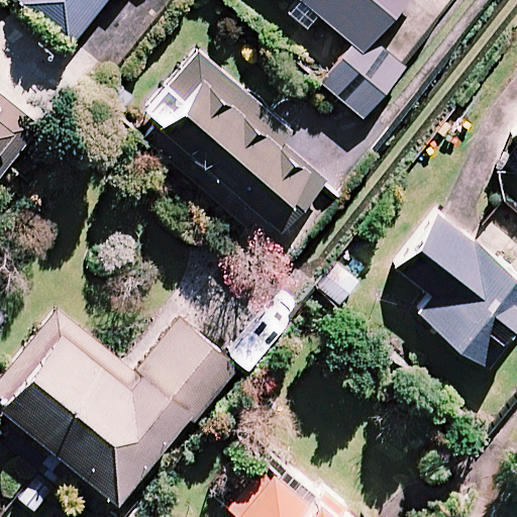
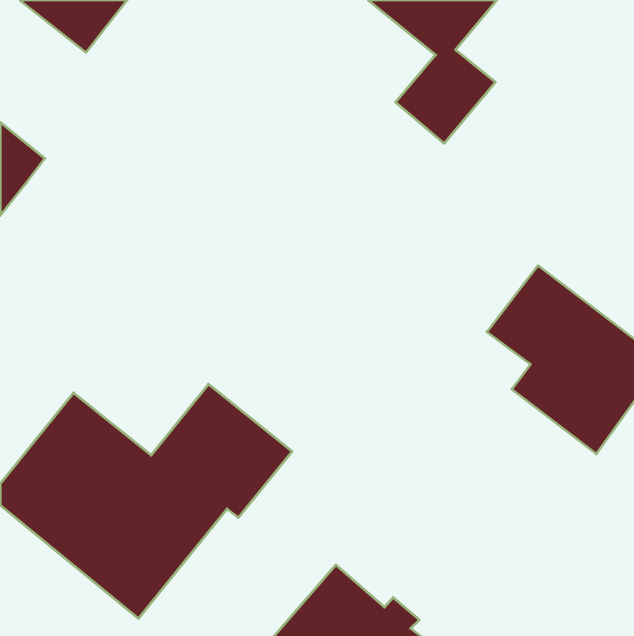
building: [144,66,328,222] -> none

